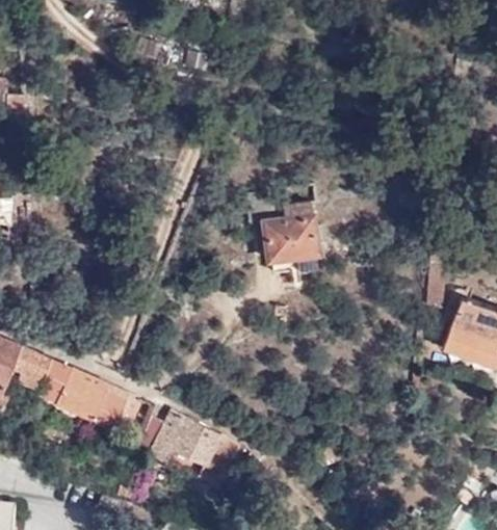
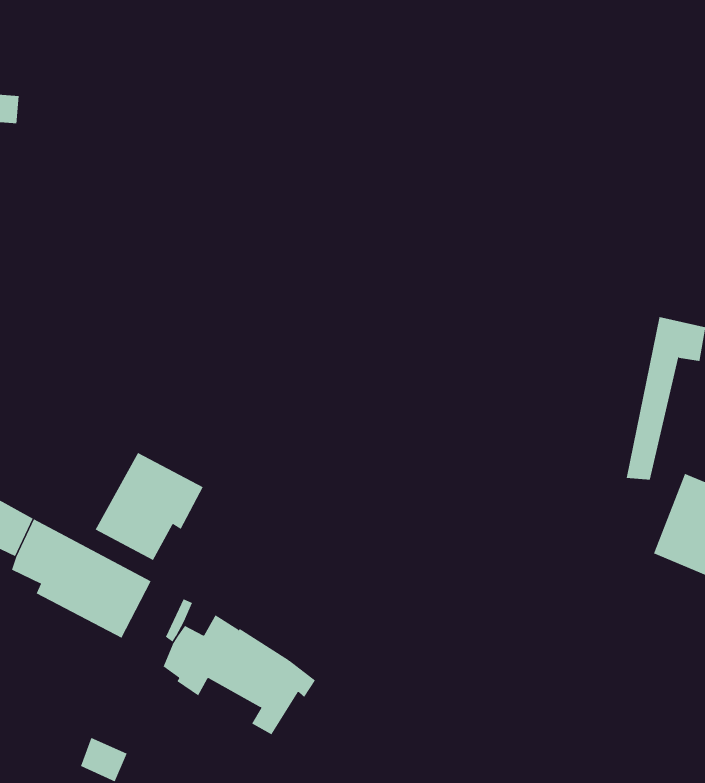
building: [260,200,316,263] -> none
building: none -> [95,452,203,561]

